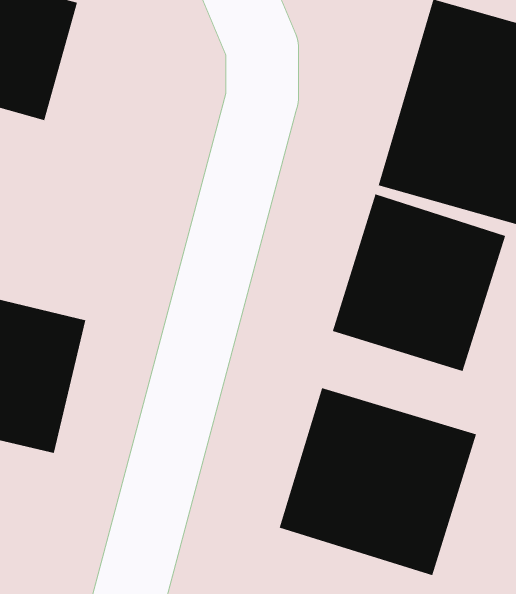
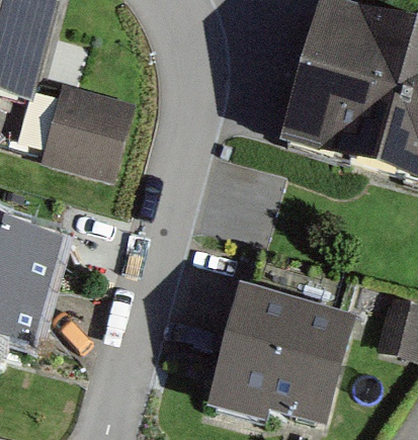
building: none -> [49,85,132,173]
building: [332,193,506,372] -> none

